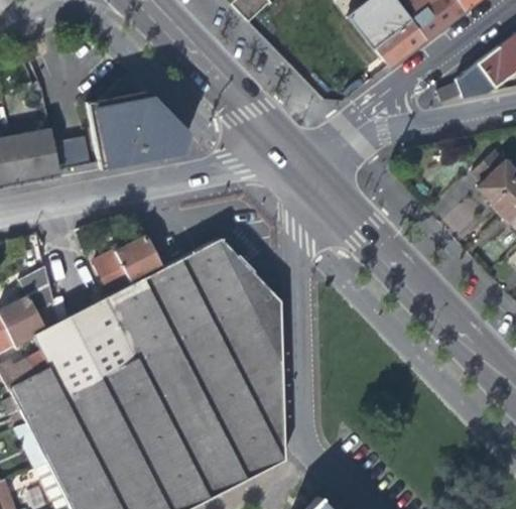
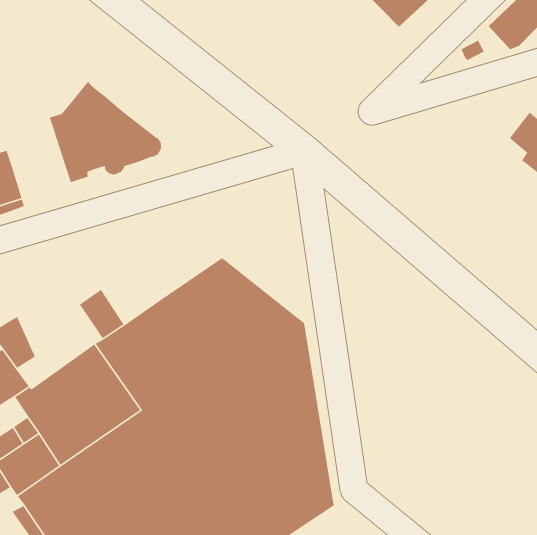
building: [100,92,186,169] -> none
building: [53,135,90,169] -> none
building: [115,236,163,285] -> none

